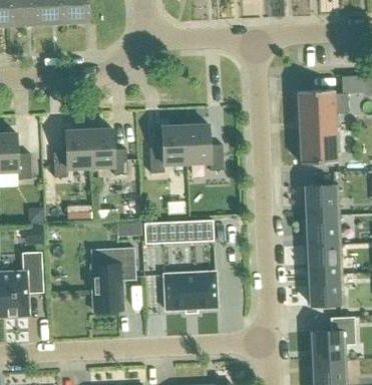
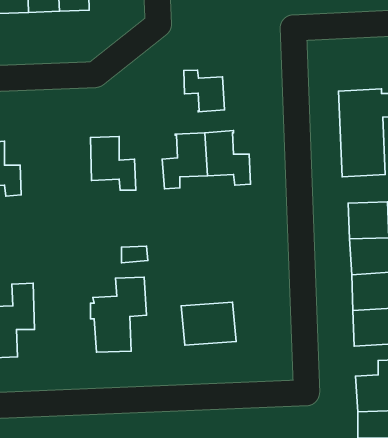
building: none -> [184,70,224,112]
building: [52,130,89,177] -> none
building: [140,220,211,241] -> none

